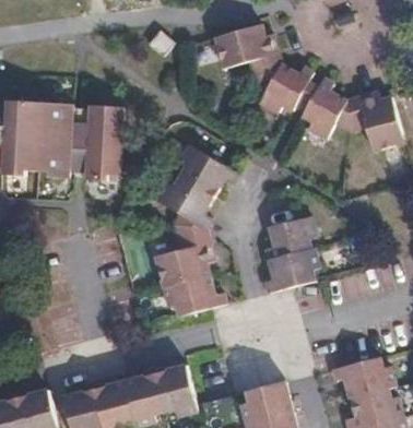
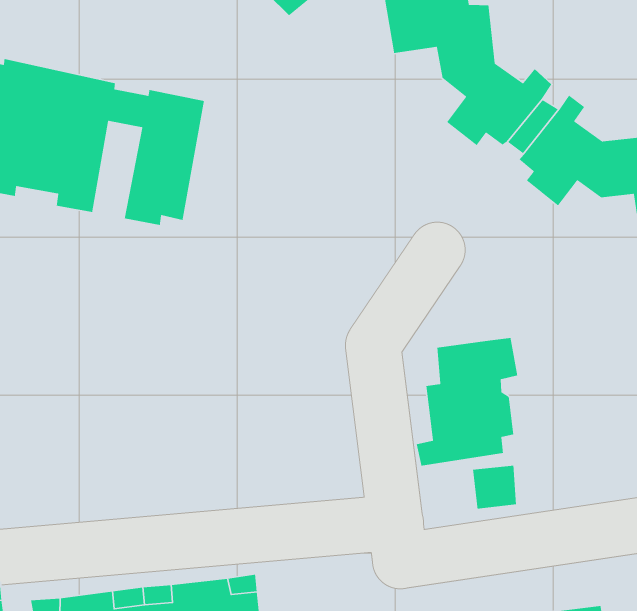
building: [154,145,237,314] -> none

